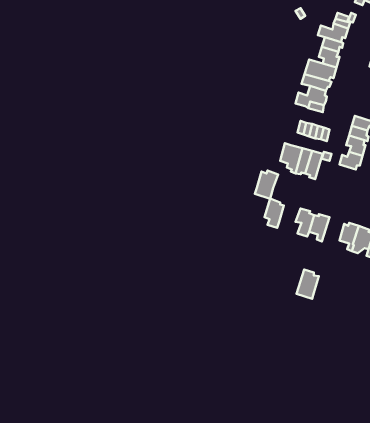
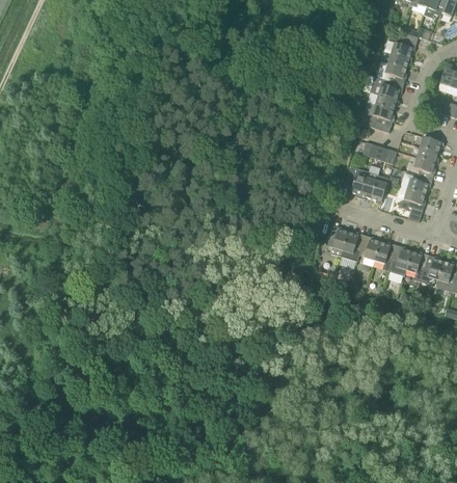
building: none -> [398,188,426,211]
building: [255,170,278,199] -> [341,231,366,261]
building: [296,270,319,299] -> [388,244,412,275]

